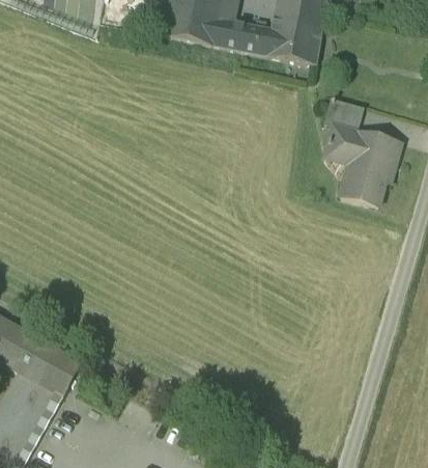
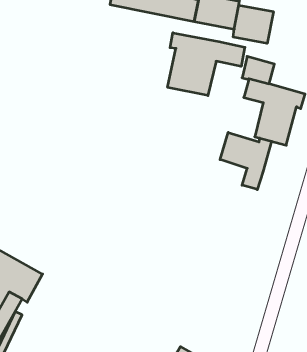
building: none -> [233,5,273,43]
building: none -> [168,33,245,96]
building: none -> [220,132,272,190]

